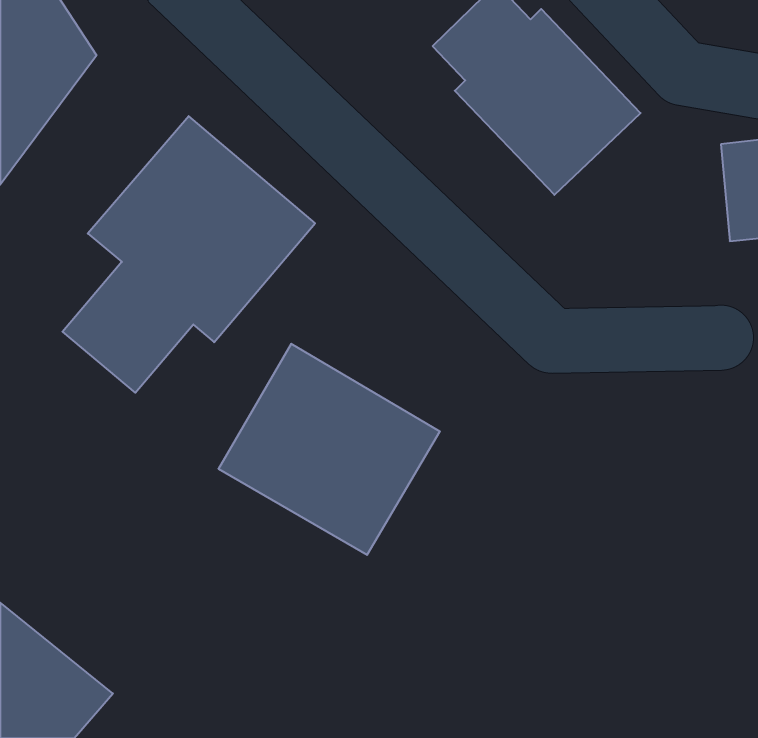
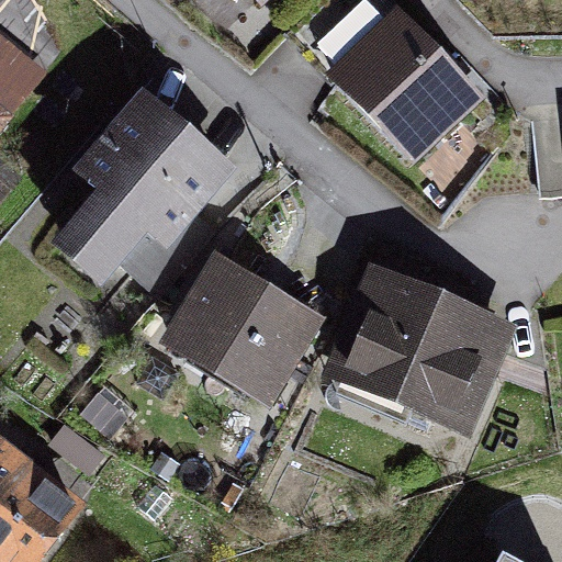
building: none -> [324,267,514,437]

